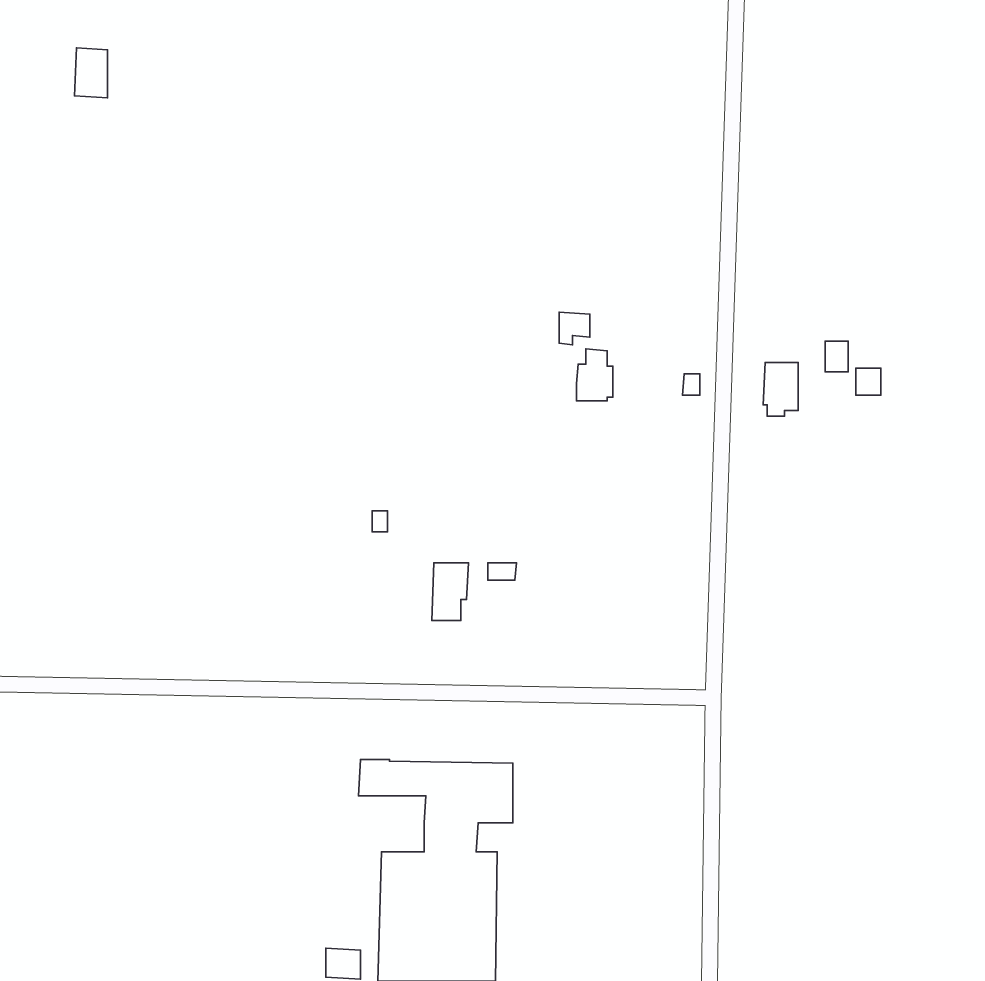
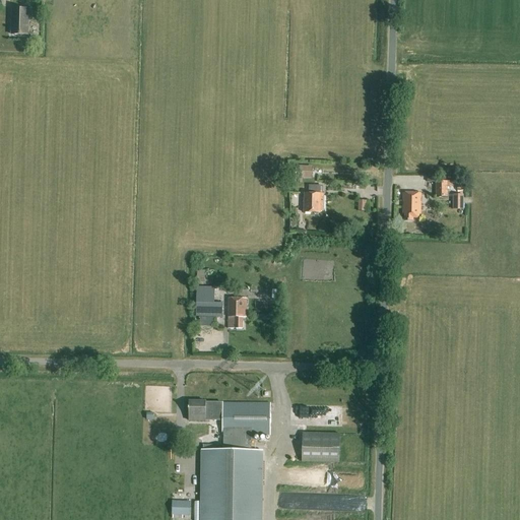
building: [75,48,107,98] -> [11,7,28,34]
building: none -> [196,286,222,316]
building: none -> [303,432,340,462]

